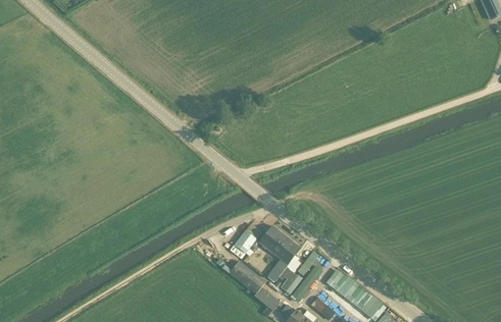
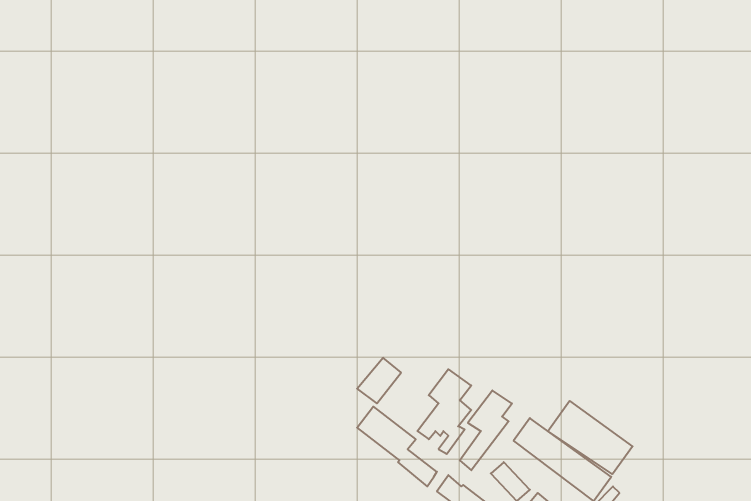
building: [259,226,286,254] -> none
building: none -> [548,401,633,474]

